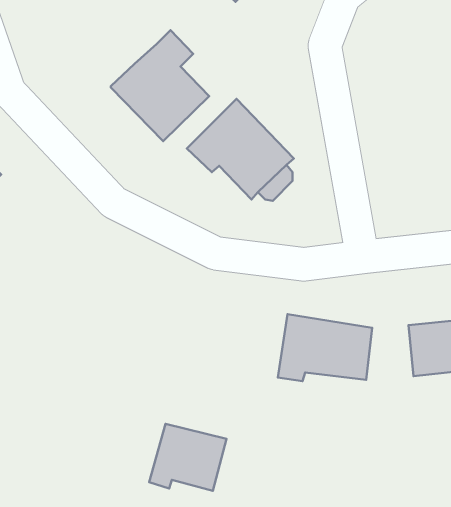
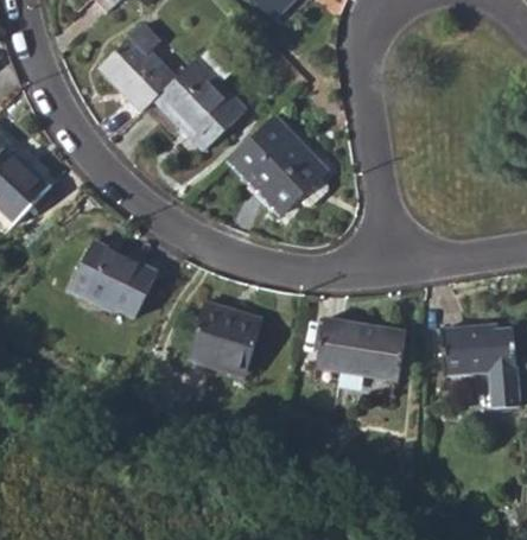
building: none -> [97,25,177,113]
building: none -> [68,241,157,317]
building: [149,424,227,491] -> [188,304,261,368]

